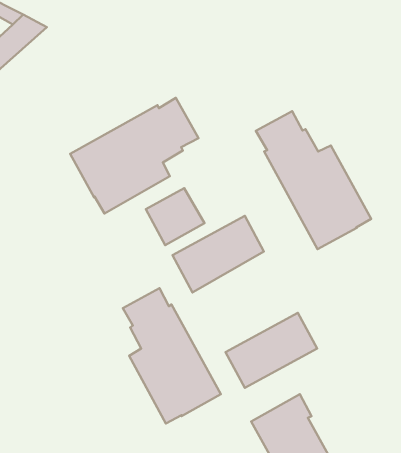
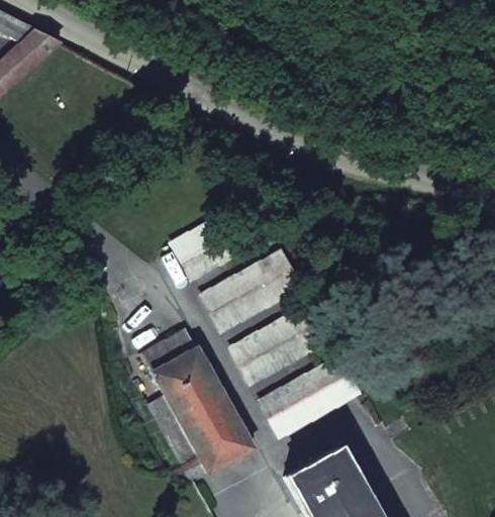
building: [70,98,199,213] -> none
building: [256,111,371,249] -> none
building: none -> [229,302,331,387]

